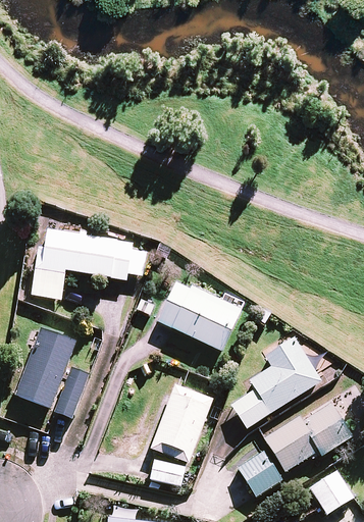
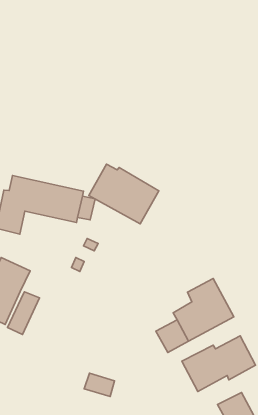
building: [157,281,240,350] -> [89,164,159,224]
building: [150,382,212,462] -> none
building: [237,449,282,495] -> none

